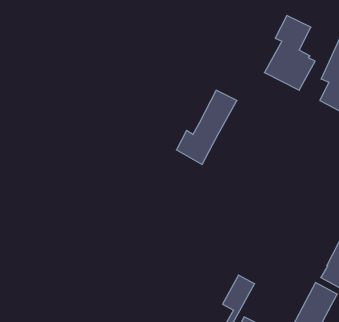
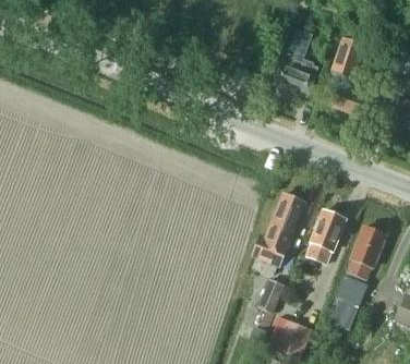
building: [176,90,237,164] -> [253,193,305,265]
building: none -> [308,209,346,263]

